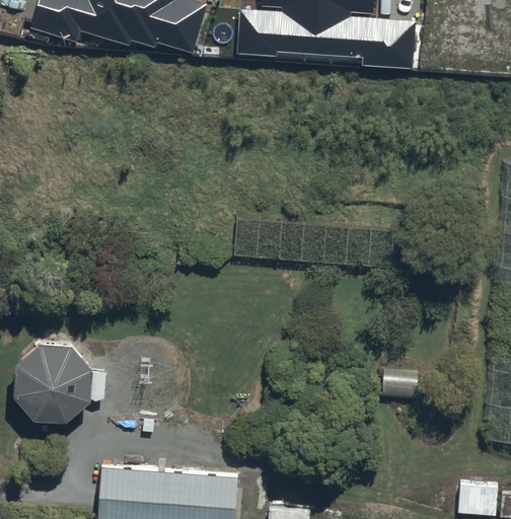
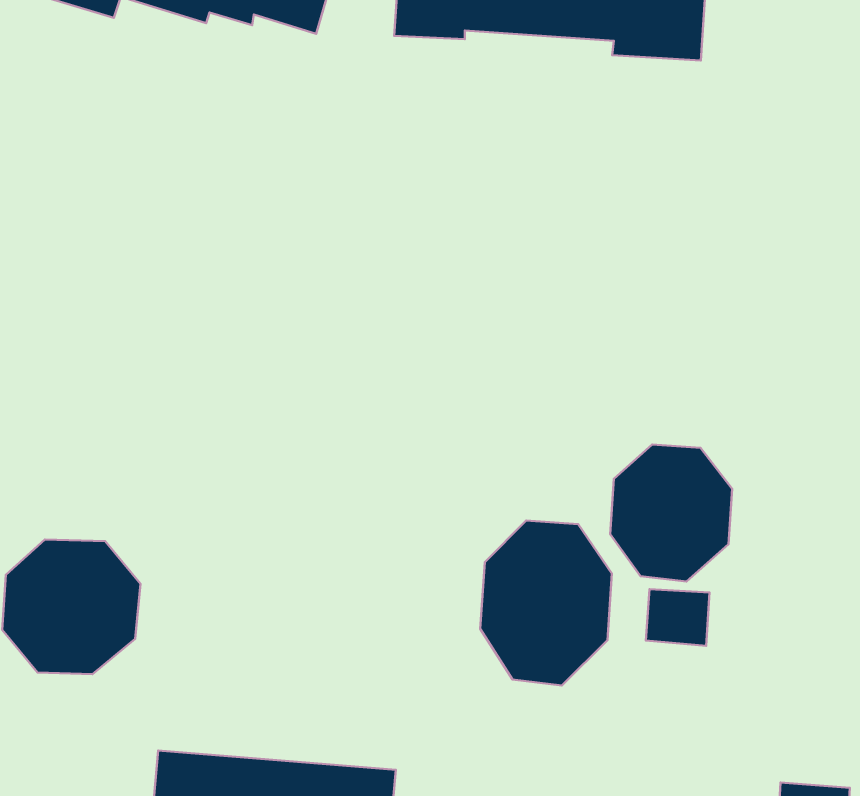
building: none -> [610,445,732,582]
building: none -> [480,521,612,685]

